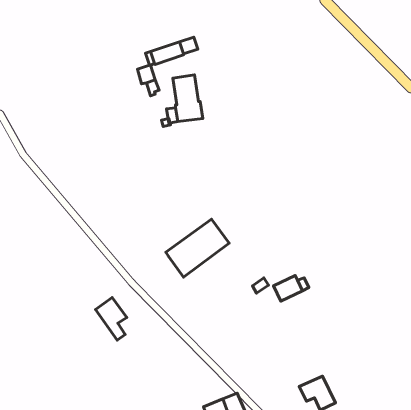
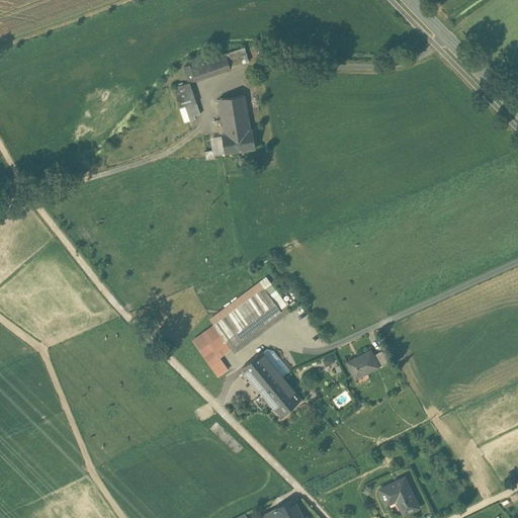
building: none -> [243,353,303,417]
building: [95,297,127,340] -> [191,325,231,378]

